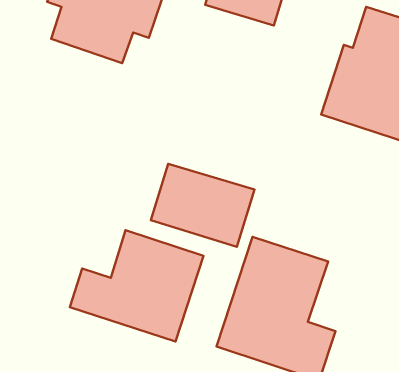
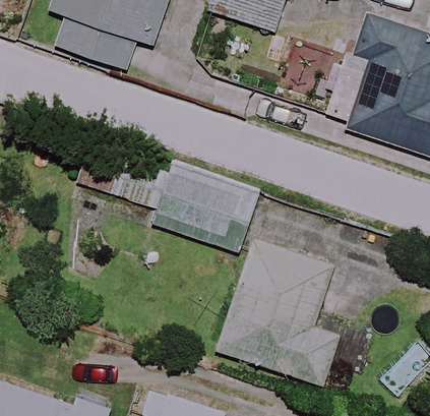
building: [70,230,204,342] -> none

